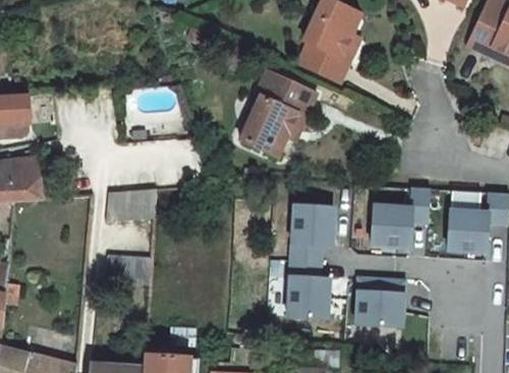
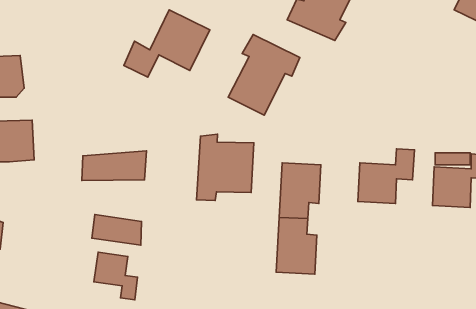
building: none -> [124,10,210,77]
building: none -> [197,134,254,201]
building: [356,273,404,324] -> none
building: none -> [94,252,138,300]

